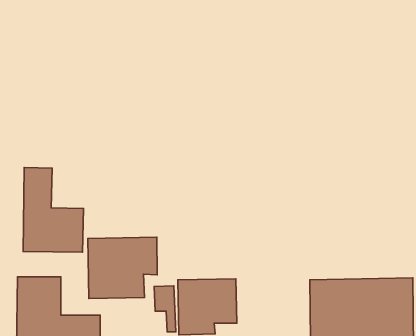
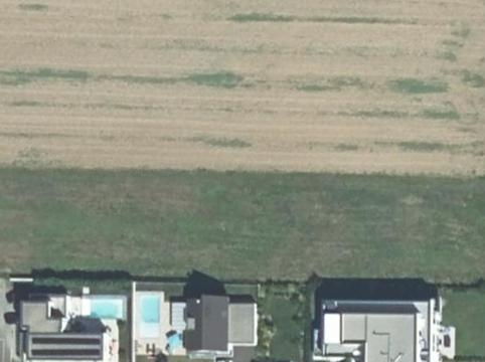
building: [23,167,83,252] -> none
building: [88,237,157,298] -> none

